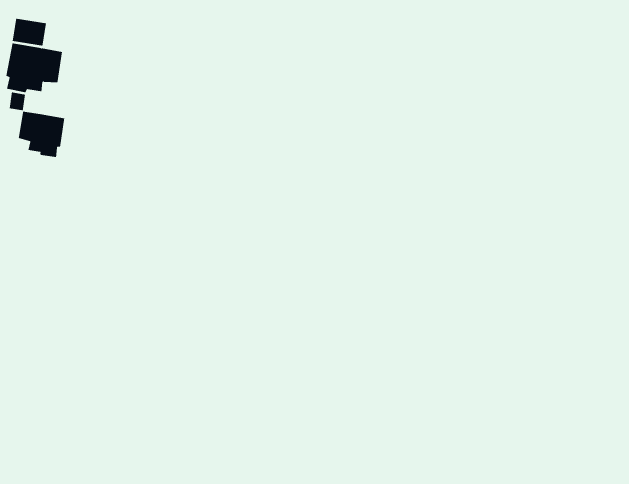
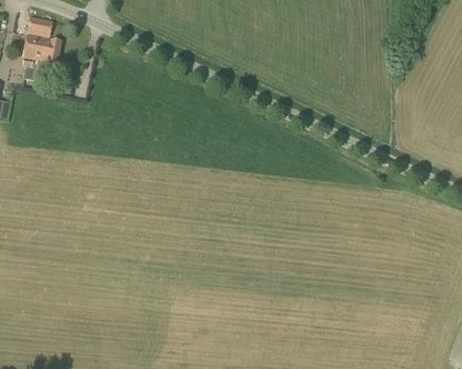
building: [18,111,65,158] -> none

